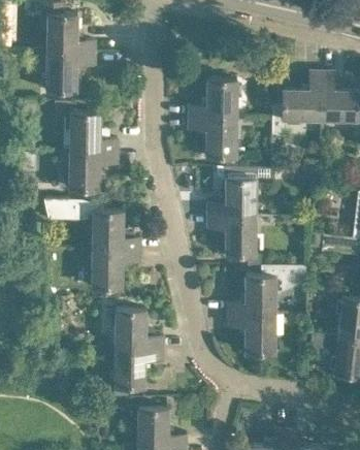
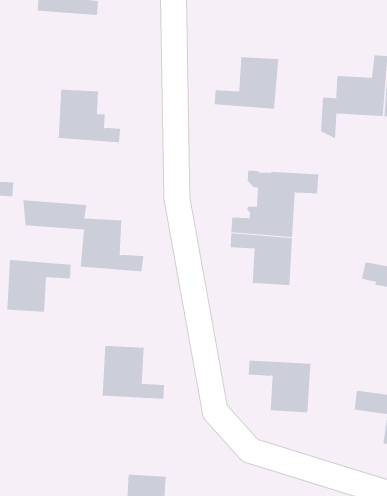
building: [46,54,95,93] -> none
building: [189,119,236,169] -> none
building: [68,152,118,191] -> none
building: [92,251,140,290] -> [6,260,72,312]
building: [227,267,305,316] -> none
building: [113,350,163,388] -> none

